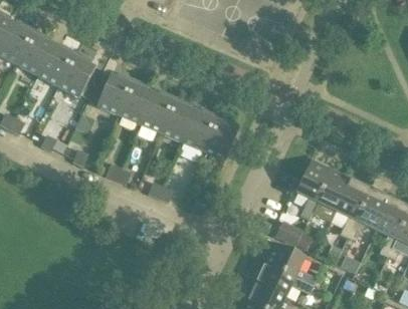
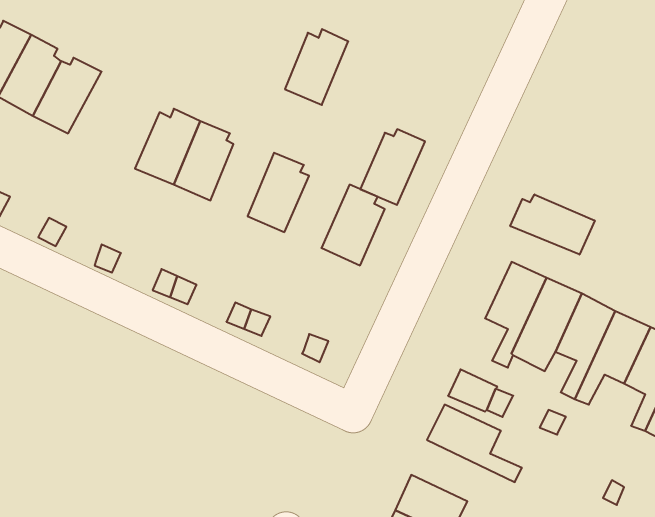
building: [58,51,96,97] -> none
building: [140,90,176,133] -> [285,29,348,105]
building: [182,108,219,151] -> [360,129,425,205]
building: none -> [510,194,595,255]
building: [254,261,314,296] -> none

